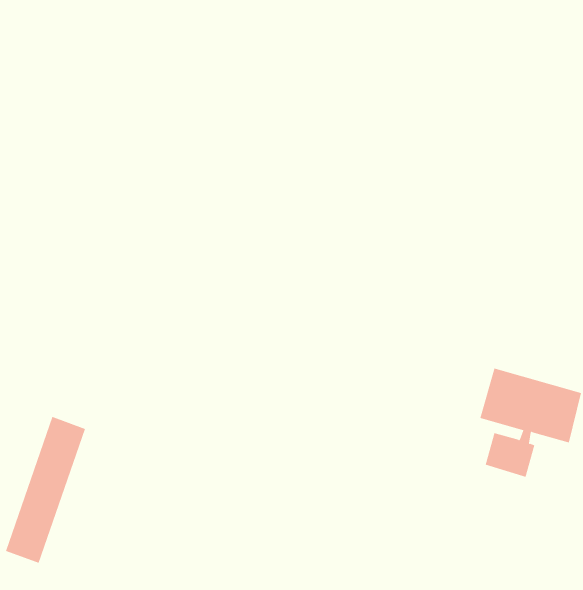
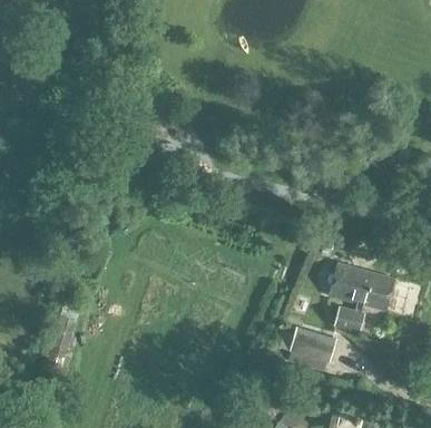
building: none -> [290,325,336,362]

